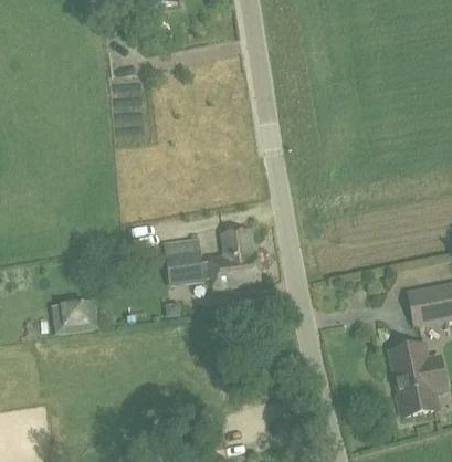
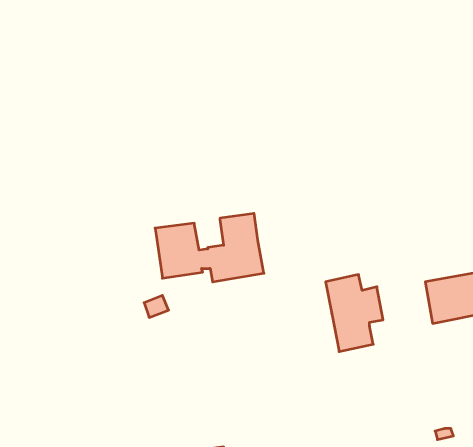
building: [52,298,96,330] -> none
building: [392,346,444,416] -> [326,275,383,352]

